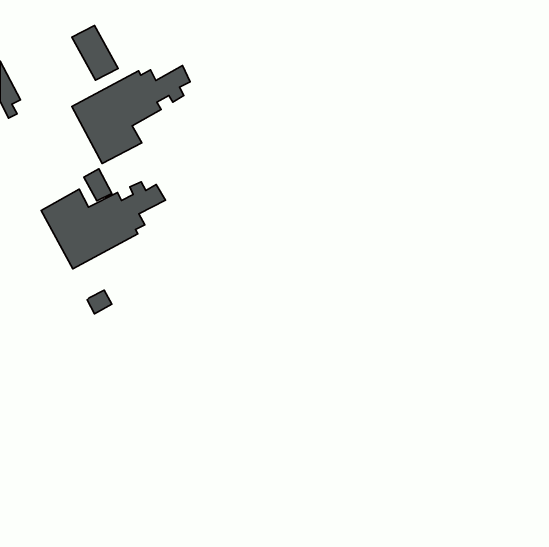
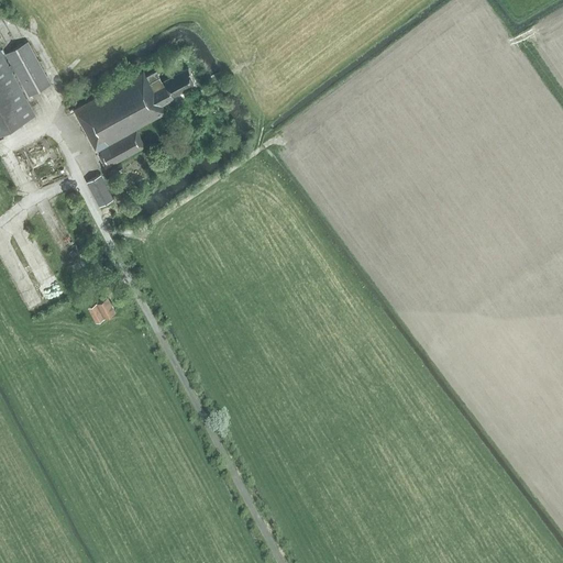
building: [72,25,118,80] -> [4,42,52,98]
building: [41,182,166,269] -> none

